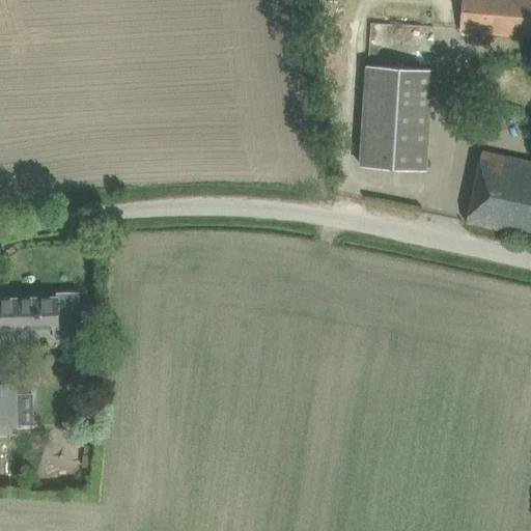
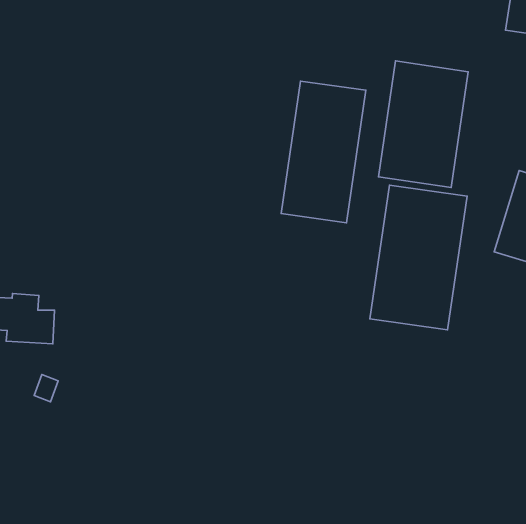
building: none -> [281,81,366,223]
building: none -> [370,185,467,330]

